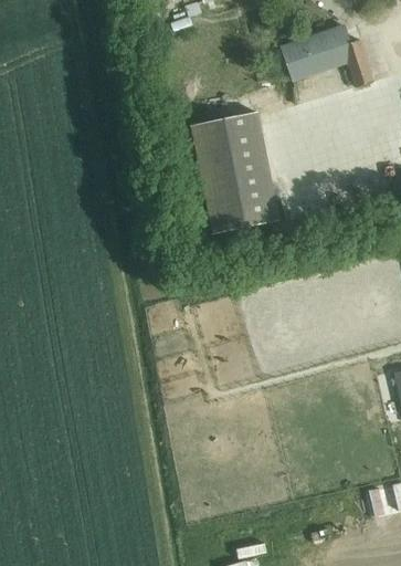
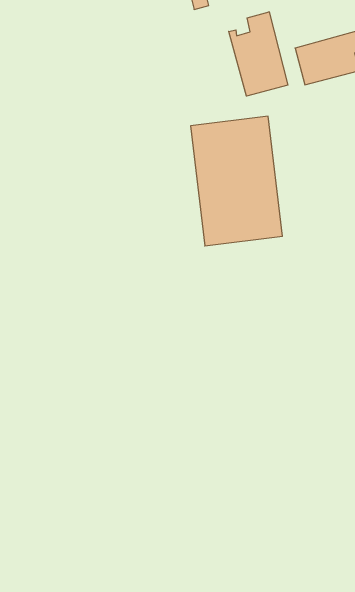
building: none -> [229,12,288,96]

